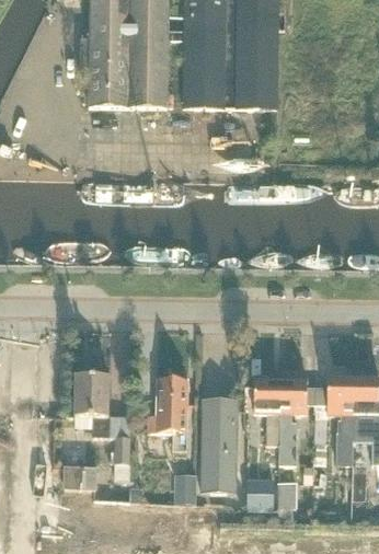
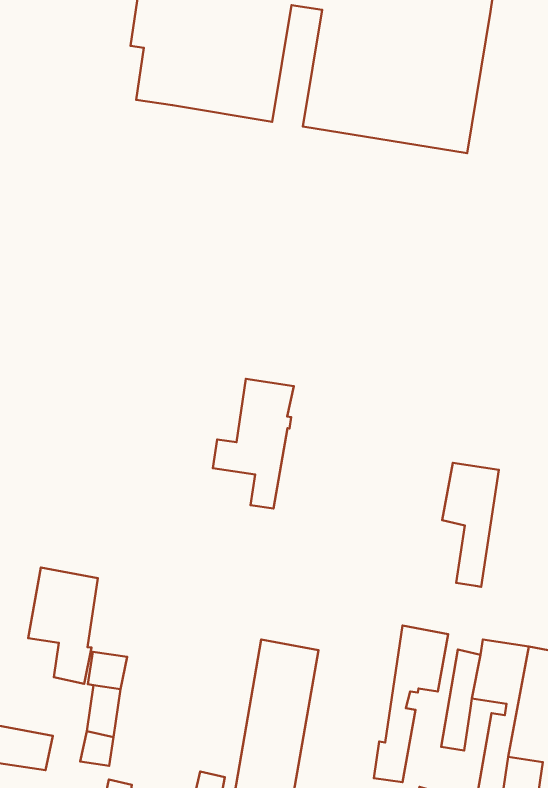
building: [253,377,280,443] -> [442,463,499,587]
building: [147,378,186,448] -> [213,379,294,509]

